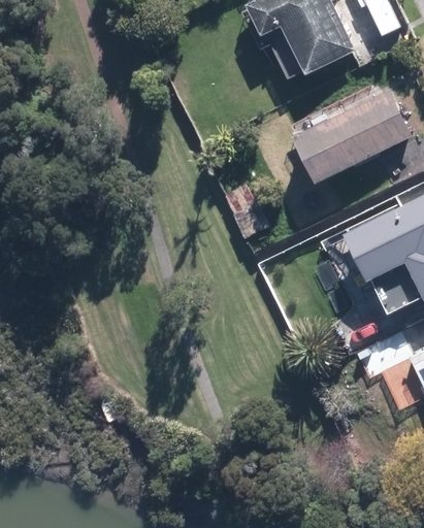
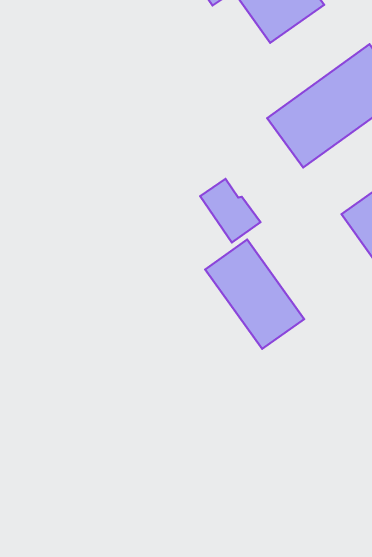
building: none -> [205,240,304,349]

